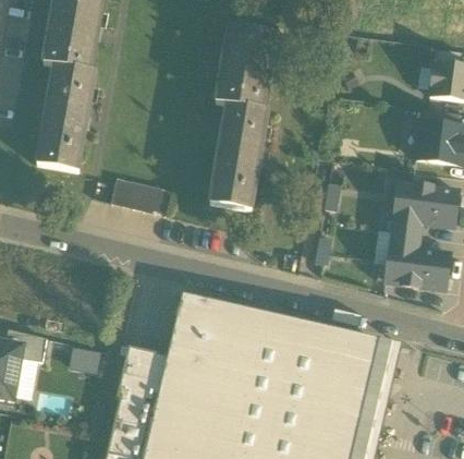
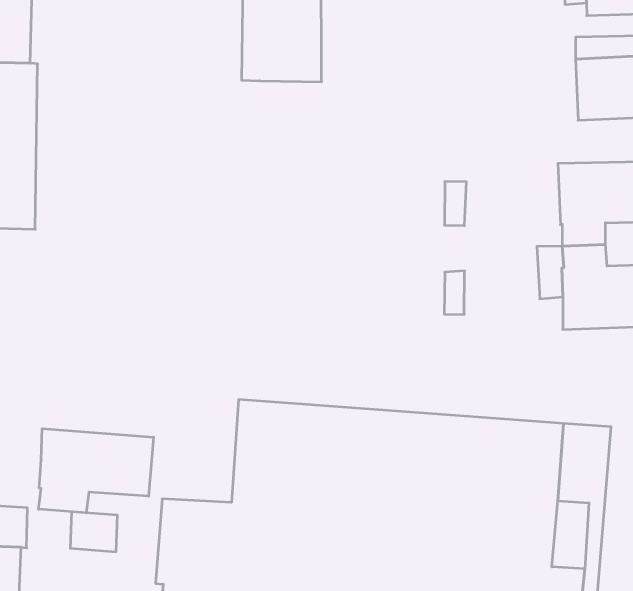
building: [208,104,266,210] -> none
building: [110,180,170,217] -> none
building: none -> [39,429,154,513]
building: [354,385,382,428] -> none

